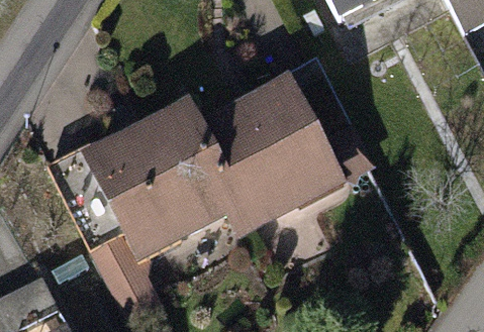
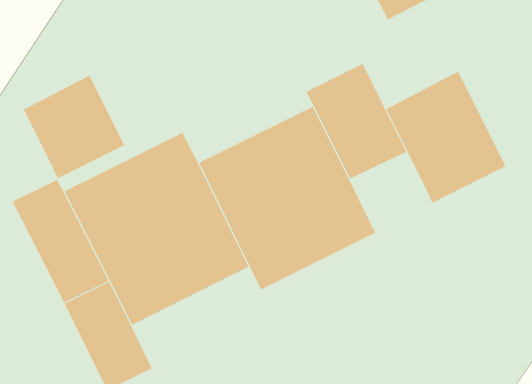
building: none -> [386,71,506,204]
building: none -> [23,75,125,179]

